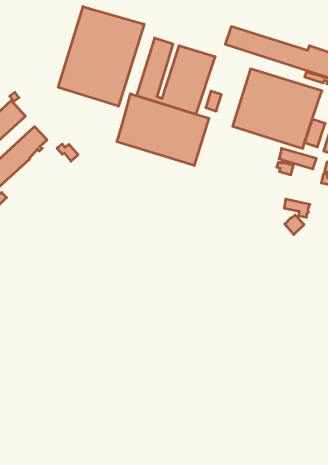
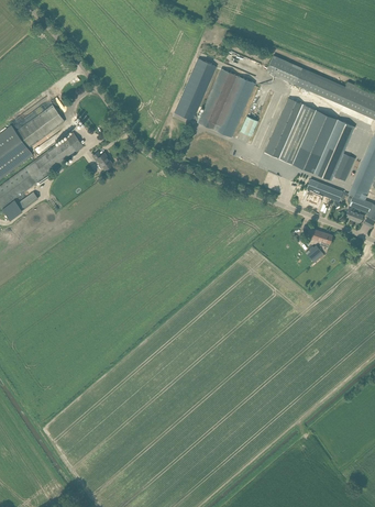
building: [58,6,144,106] -> none
building: [117,94,209,166] -> none

